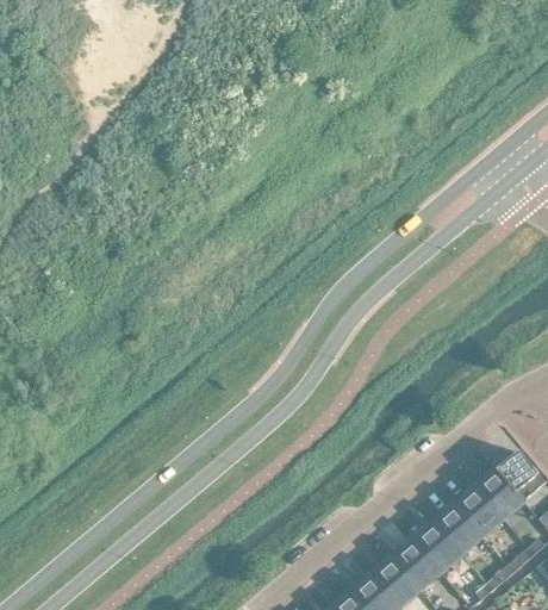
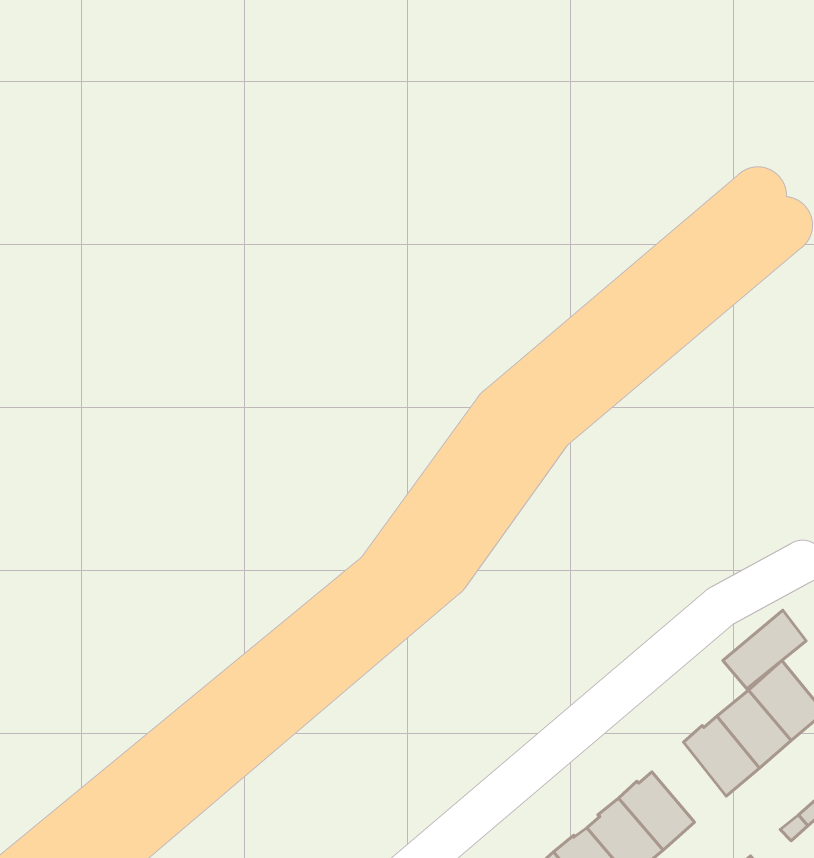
building: none -> [723,610,806,689]
building: [435,502,482,553] -> none

